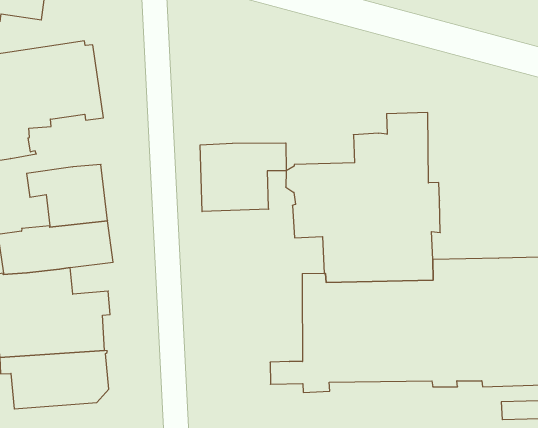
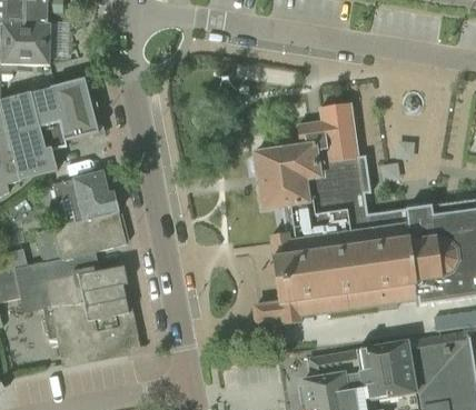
building: [200,143,286,212] -> none

